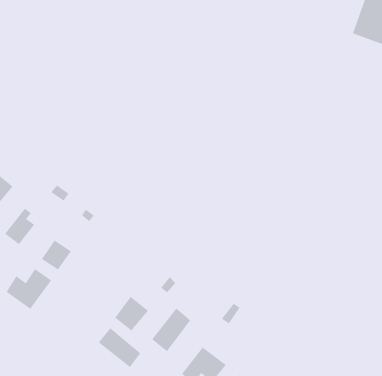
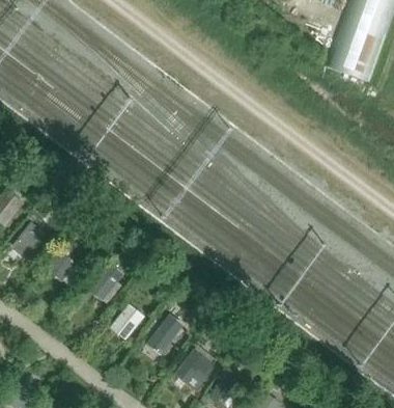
building: none -> [88,264,122,300]
building: [5,268,52,310] -> none
building: [98,327,141,368] -> none

